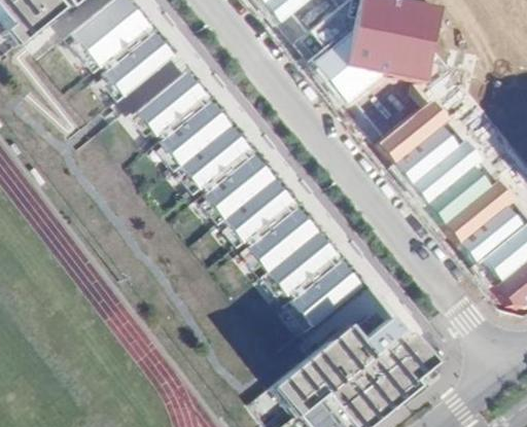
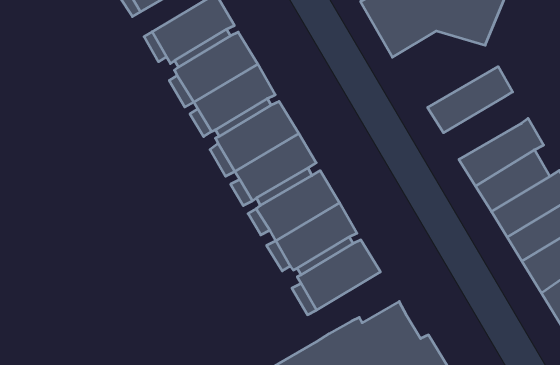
building: [398,121,463,180] -> none

